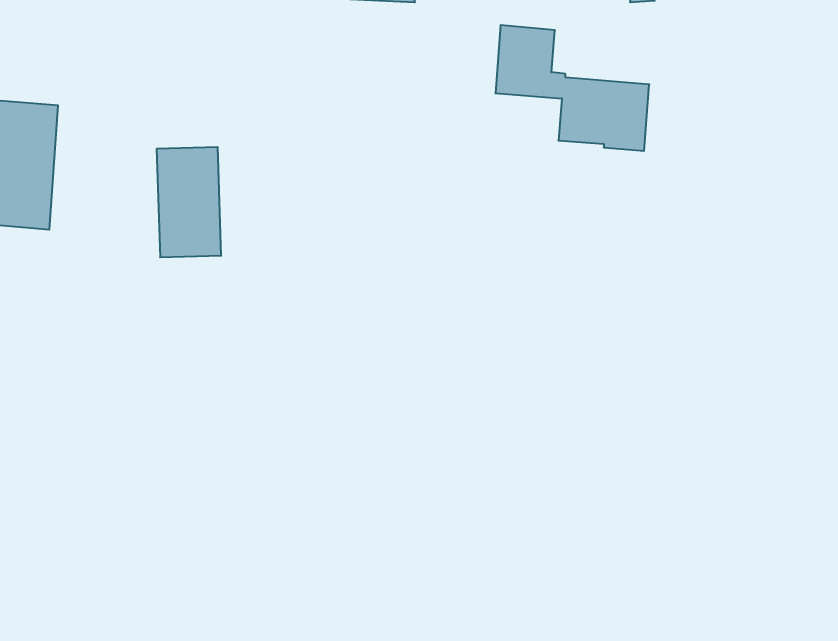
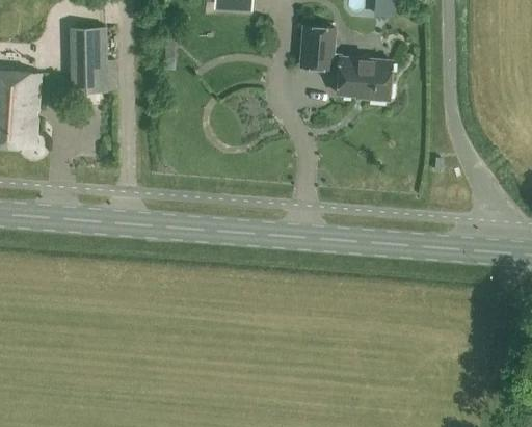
building: [157,147,221,257] -> [70,28,108,94]

